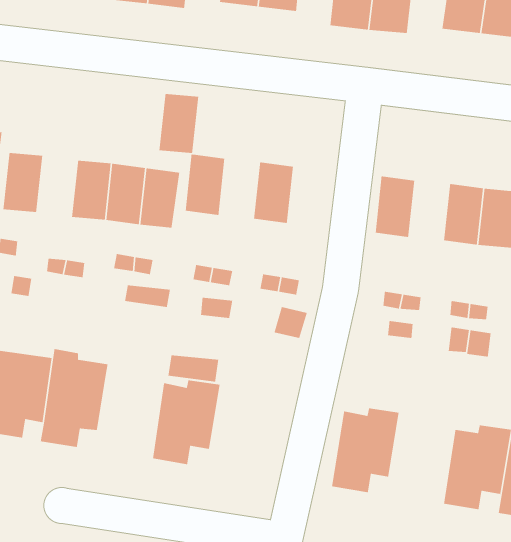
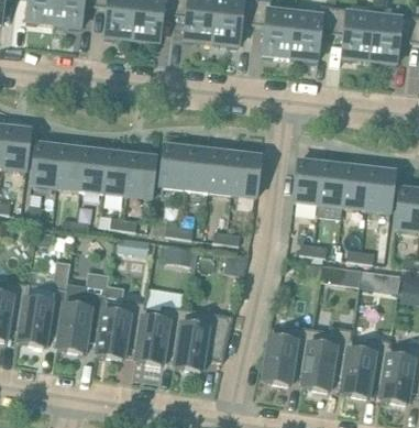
building: [159,93,199,154] -> [183,149,211,191]
building: none -> [54,146,82,190]
building: none -> [231,154,260,197]
building: none -> [317,164,345,207]
building: none -> [95,298,144,361]
building: none -> [174,308,232,371]
building: none -> [301,326,351,393]

